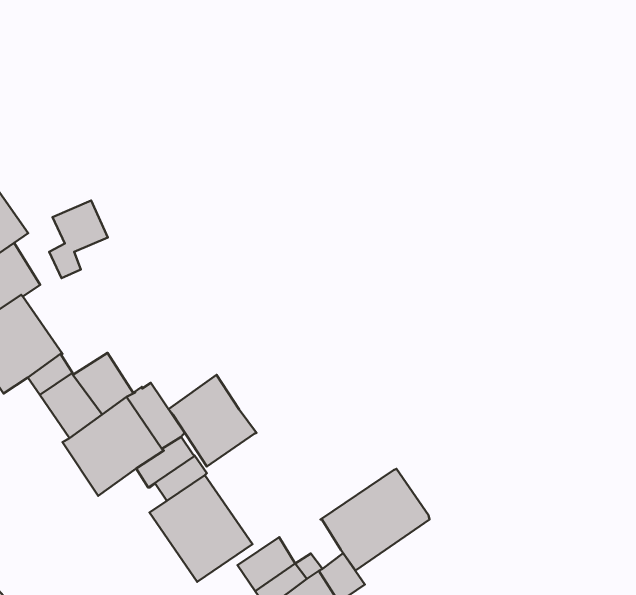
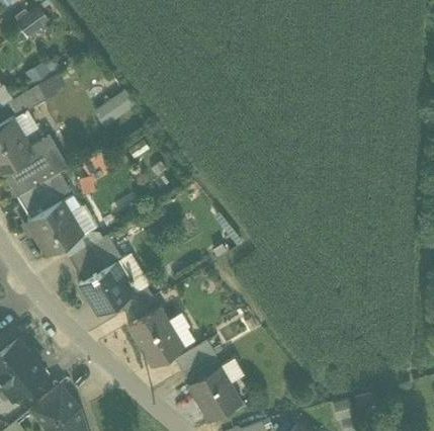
building: none -> [94,91,136,122]
building: [168,375,256,467] -> none
building: [320,469,430,570] -> none

